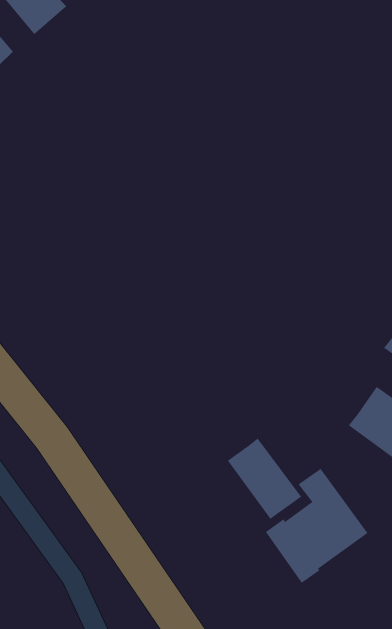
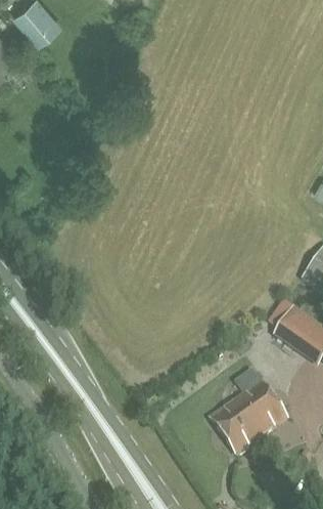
building: [227,437,302,520] -> none

